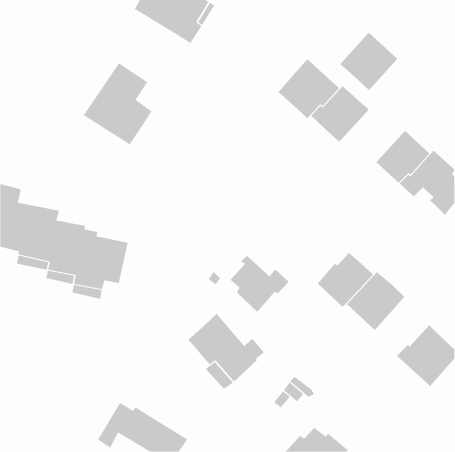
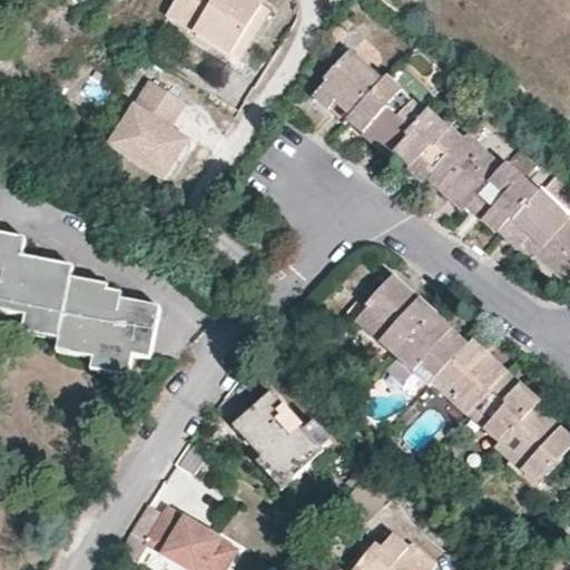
building: [339,32,398,91] -> [428,134,501,207]
building: none -> [312,48,380,119]
building: [230,255,290,313] -> [361,282,435,354]
building: none -> [468,371,539,441]

